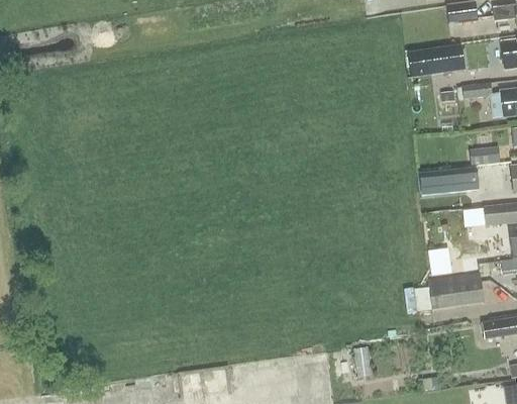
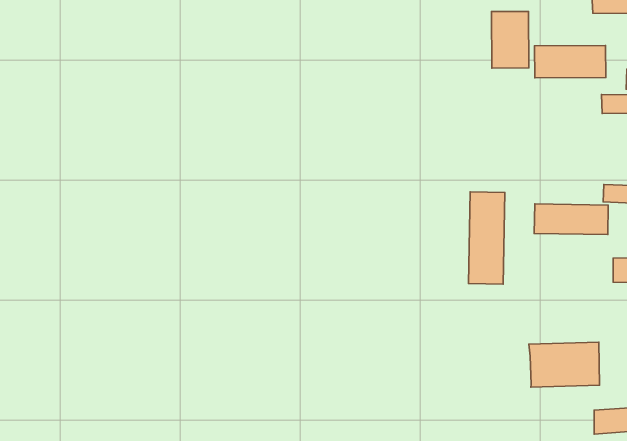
building: none -> [492,11,529,68]
building: none -> [468,192,505,284]

